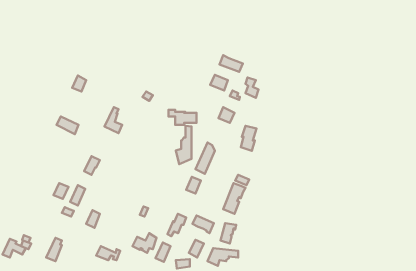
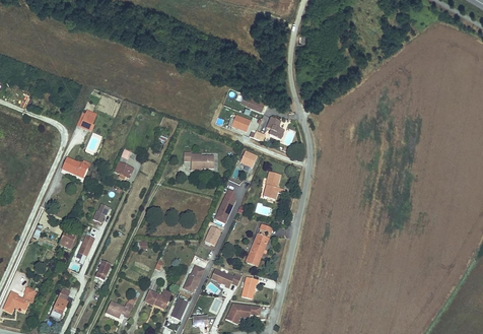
building: [176,126,191,164] -> none

